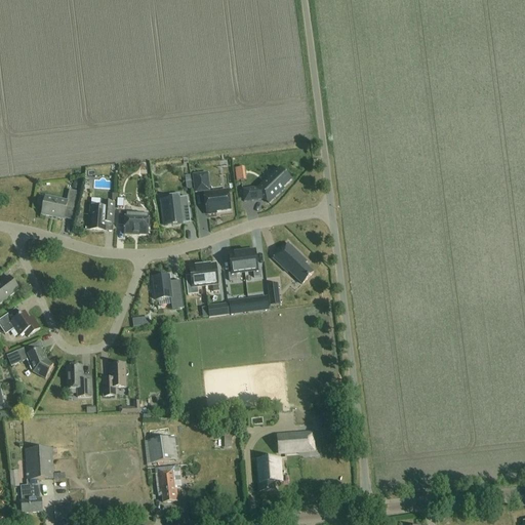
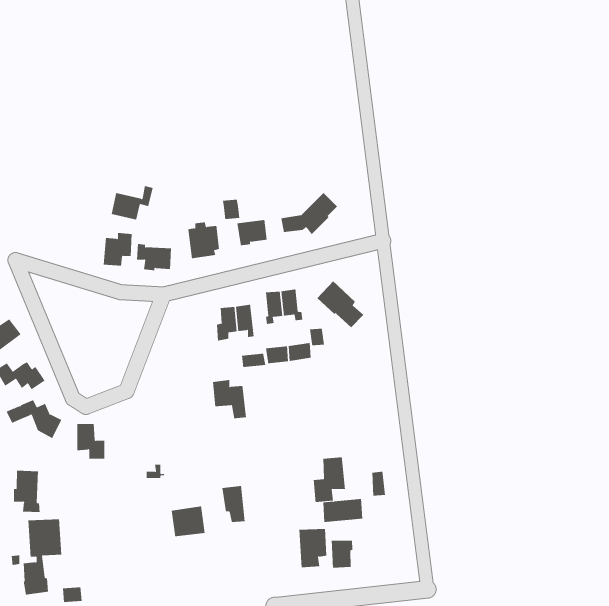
building: [40,188,77,217] -> [111,185,154,220]
building: [153,274,183,308] -> [212,379,247,419]
building: [103,362,127,395] -> none
building: none -> [313,456,345,503]
building: none -> [14,470,40,513]
building: none -> [331,540,353,569]
building: [156,469,176,500] -> [222,486,245,523]

